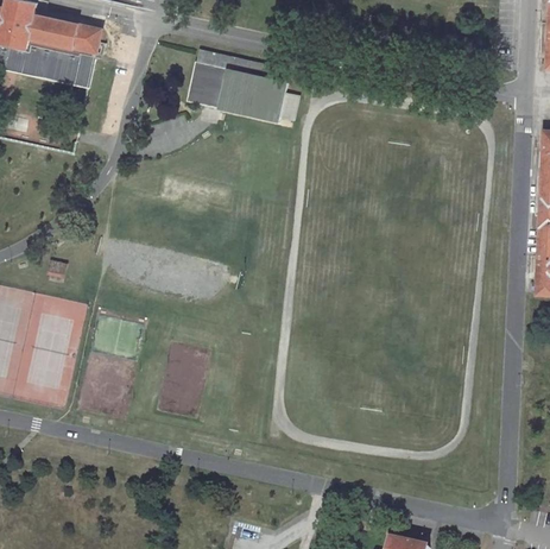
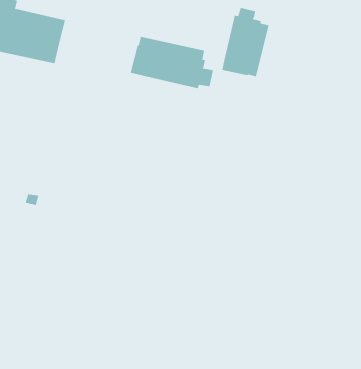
building: none -> [222,7,269,77]

